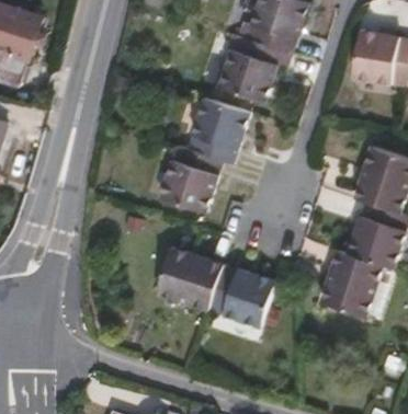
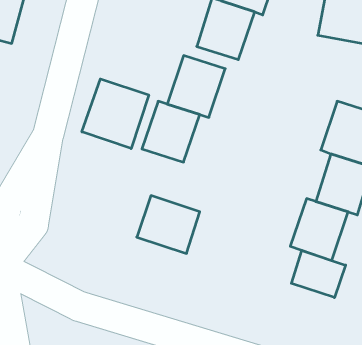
building: none -> [82,79,149,149]
building: [209,265,274,326] -> none
building: none -> [291,250,346,298]

